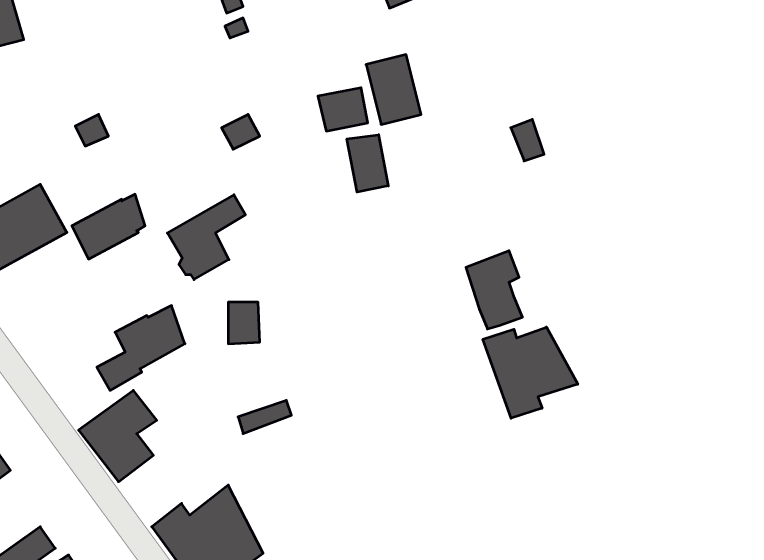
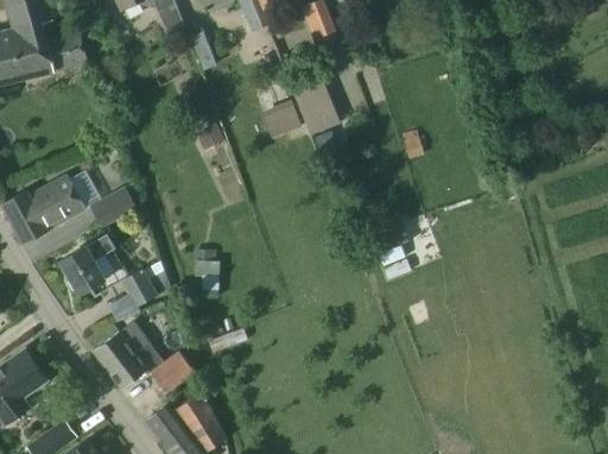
building: [347,135,388,192] -> none
building: [167,195,245,280] -> [59,234,115,295]
building: [483,327,578,418] -> none
building: none -> [151,348,196,392]

